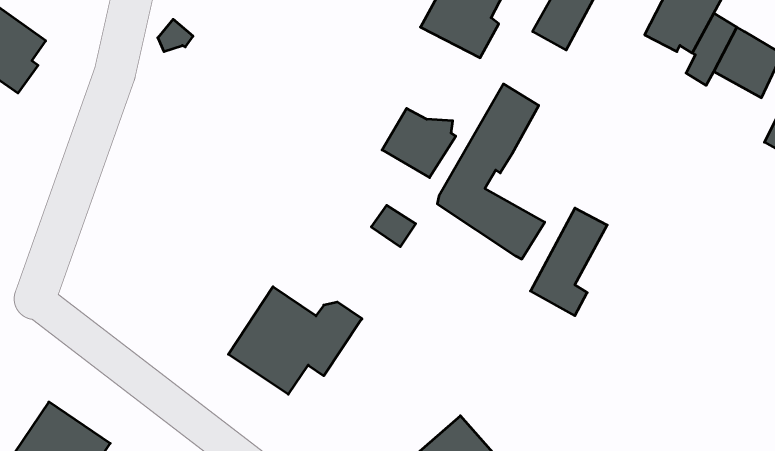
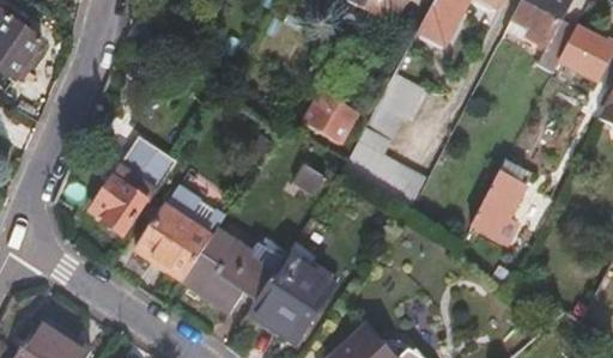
building: none -> [90,141,175,239]
building: [530,208,607,316] -> [473,159,533,243]
building: none -> [135,190,221,281]
building: none -> [248,255,333,344]

